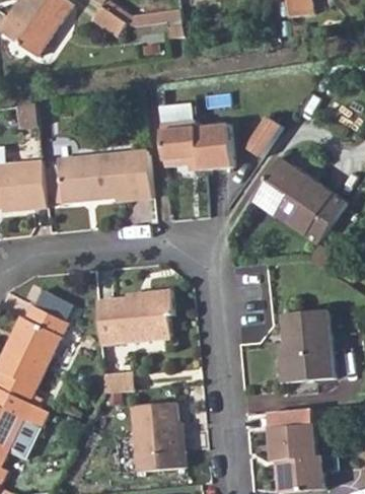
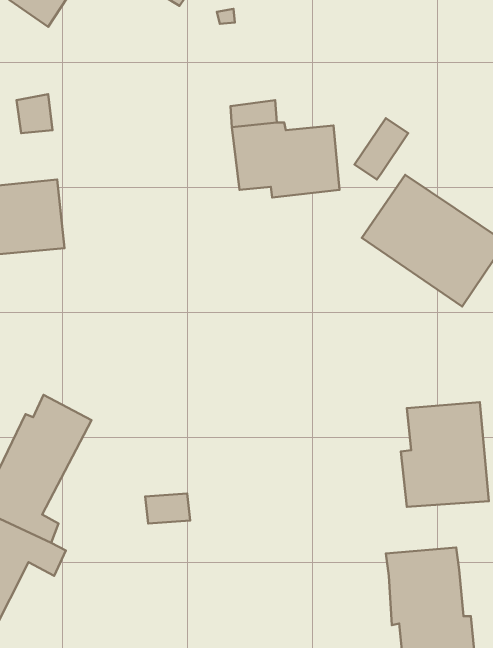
building: [60,149,154,200] -> none
building: [96,292,172,345] -> none
building: [130,404,184,470] -> none

